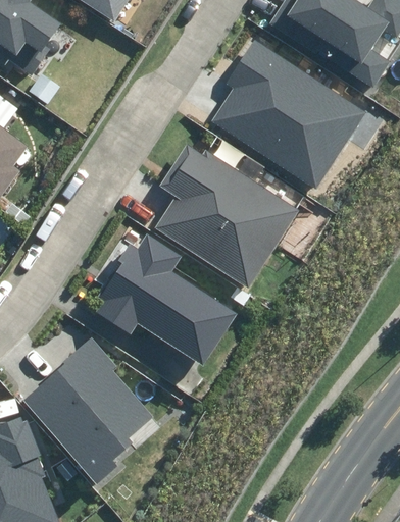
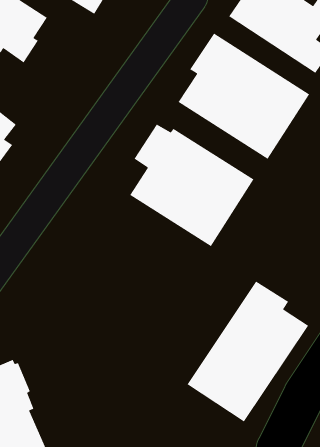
building: [96,233,237,366] -> none
building: none -> [187,280,309,423]
building: [21,338,151,483] -> none

